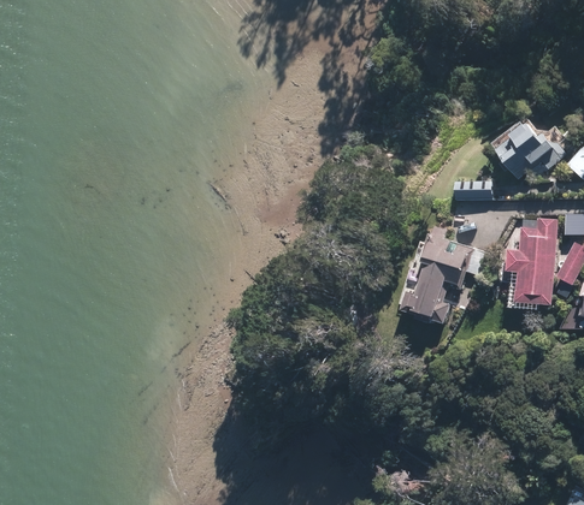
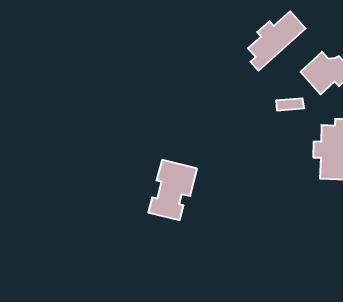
building: none -> [248,11,306,71]
building: [399,232,474,321] -> [148,160,197,220]

